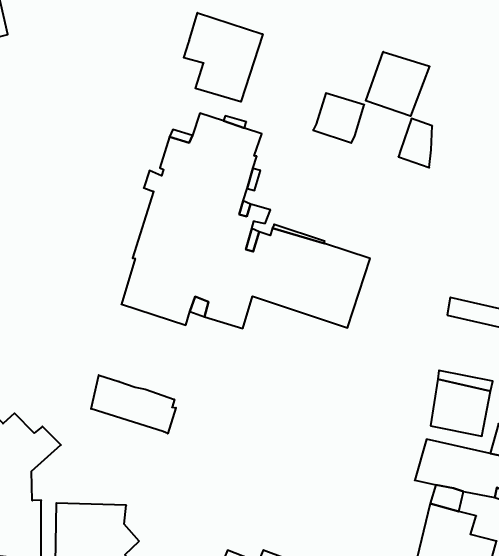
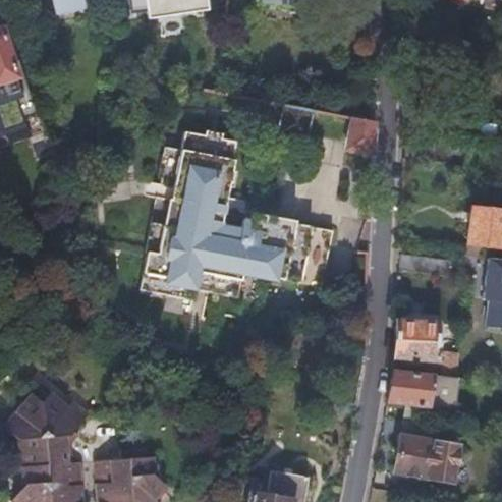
building: [184,13,263,102] -> none
building: [366,52,430,116] -> none
building: [91,375,176,434] -> none

